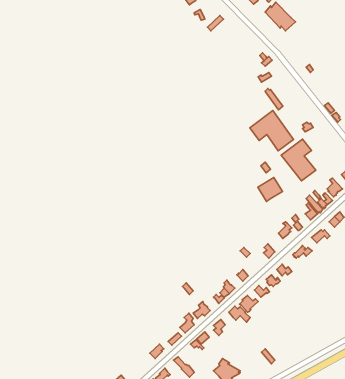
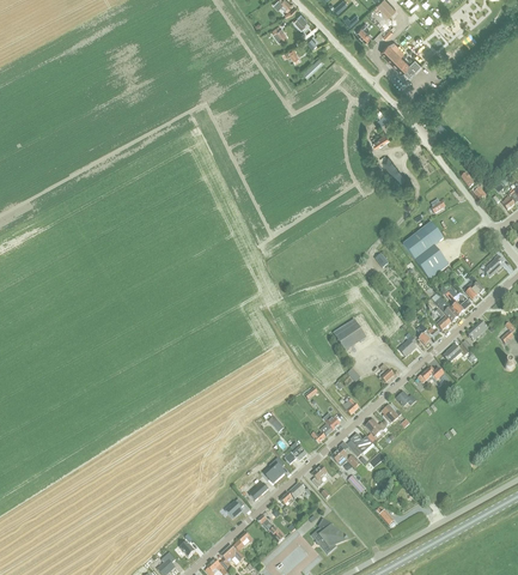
building: [250,110,293,151] -> none
building: [258,177,283,201] -> [333,319,366,351]

